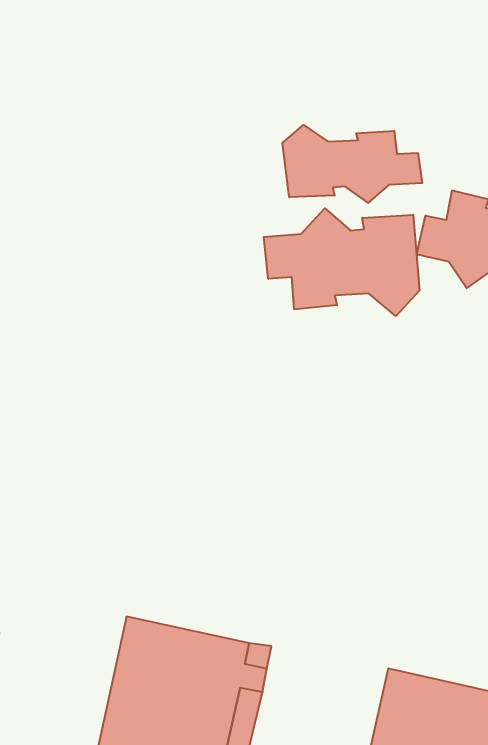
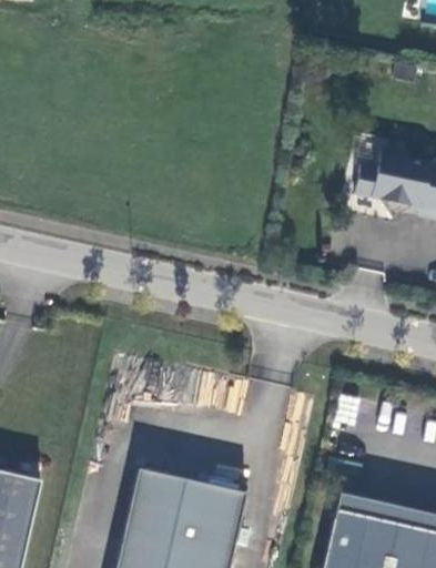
building: [283,125,422,203] -> none
building: [264,208,420,316] -> none

